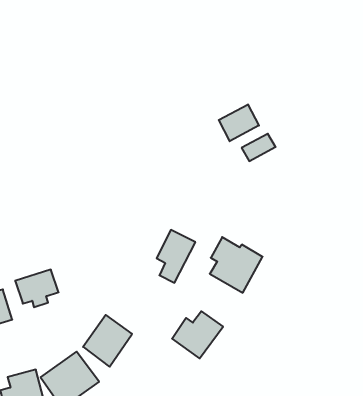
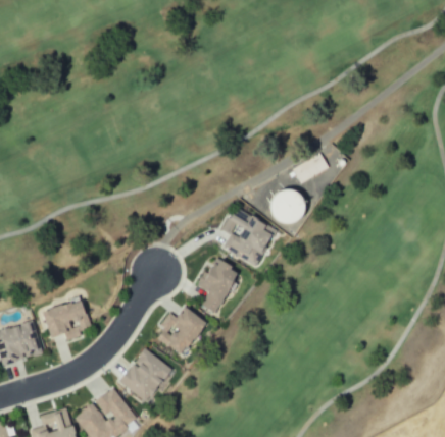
building: [219,104,259,141] -> none
building: none -> [279,190,310,221]
building: [210,237,263,293] -> [219,208,277,268]
building: [172,311,223,358] -> [154,306,209,357]

